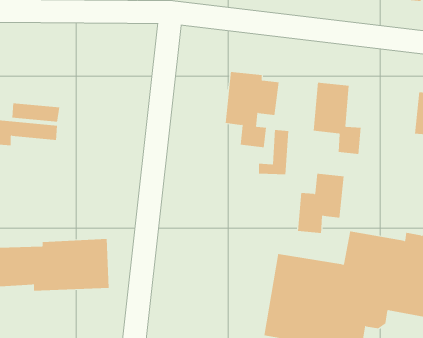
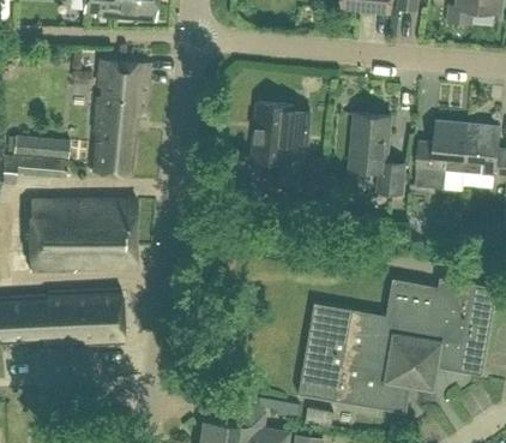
building: none -> [89,56,149,173]
building: none -> [29,198,134,270]
building: [297,173,345,233] -> [415,120,468,187]

